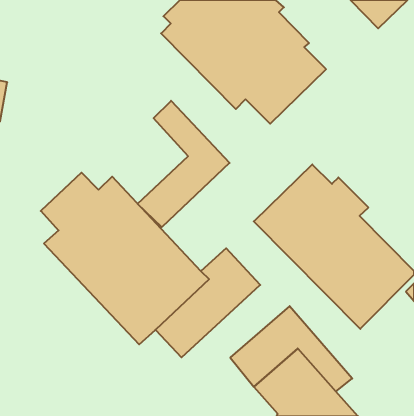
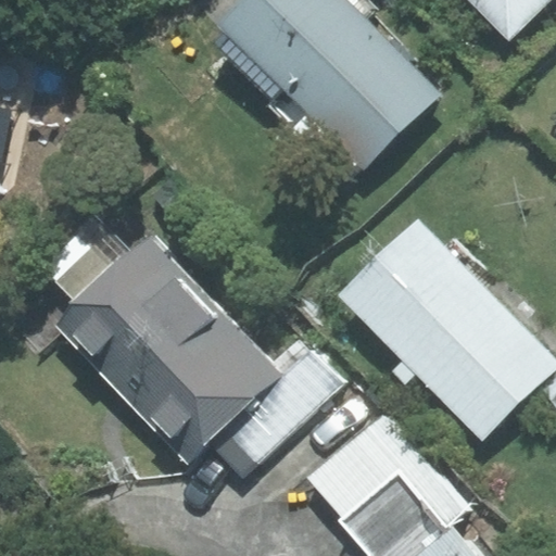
building: [138,101,230,227] -> none

